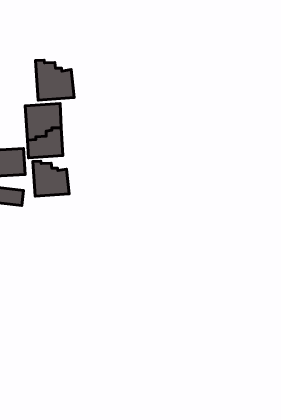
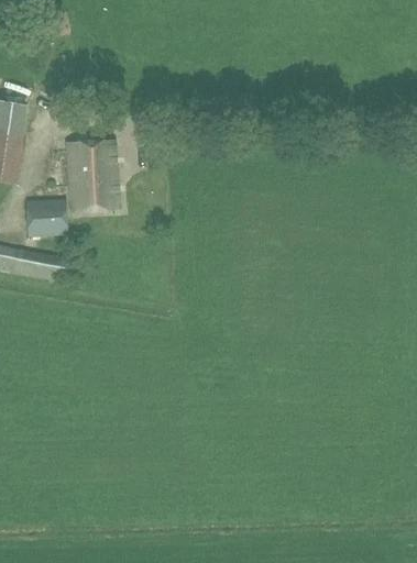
building: [35,60,74,100] -> none
building: [33,161,69,196] -> none

